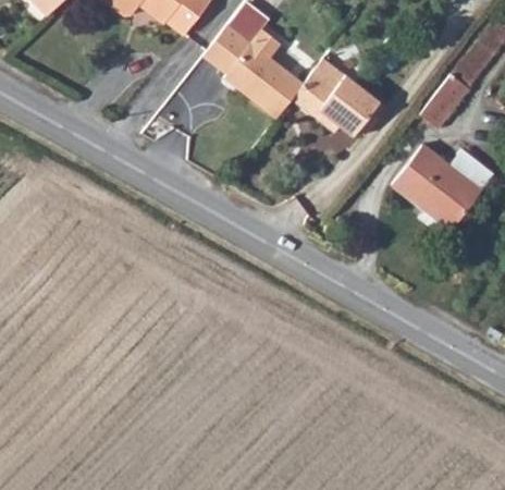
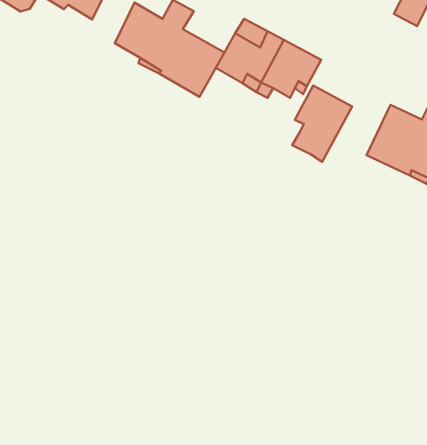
building: [422,74,469,124] -> none
building: none -> [292,85,352,162]

